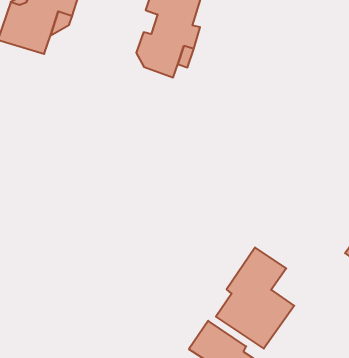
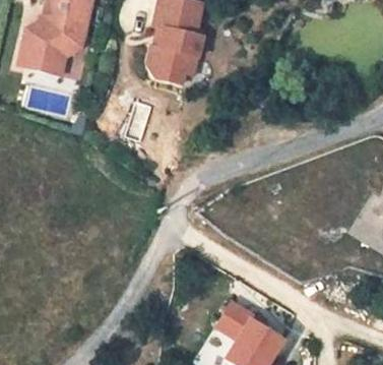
building: [216,247,294,349] -> none

